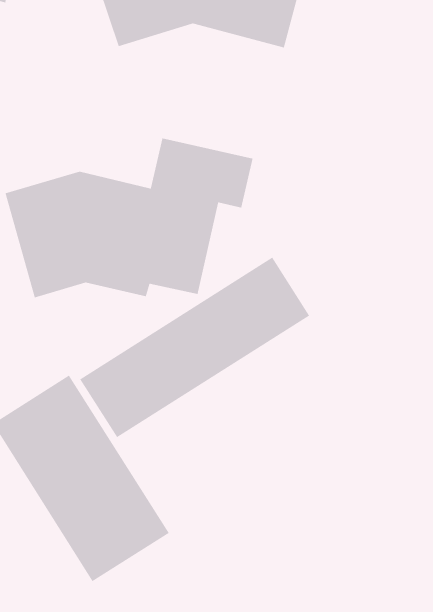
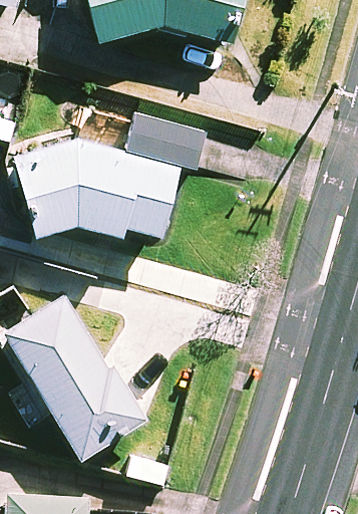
building: [79,257,310,438] -> none

